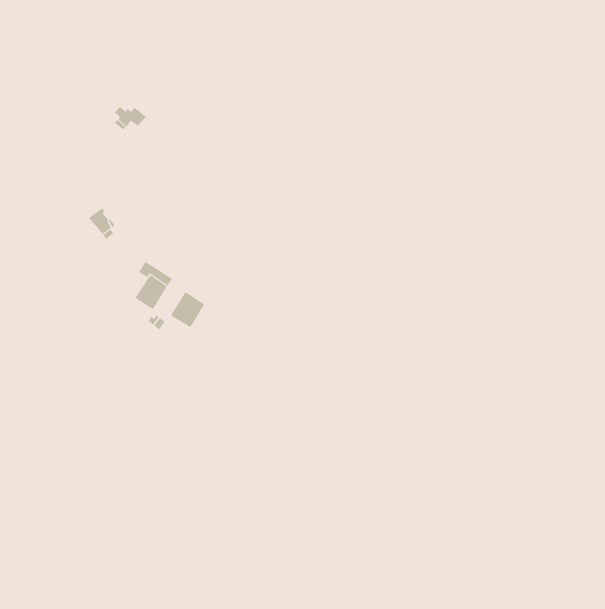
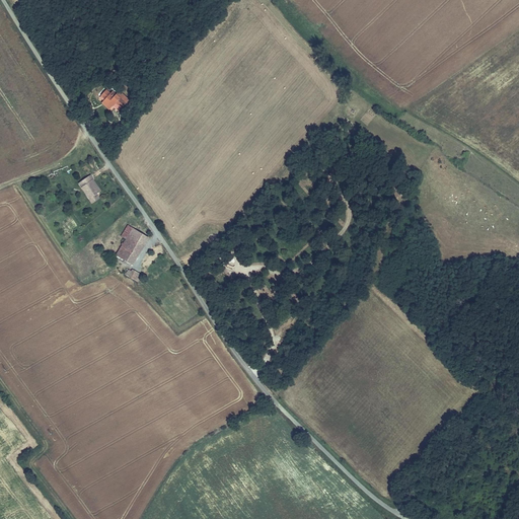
building: [170,291,205,328] -> none

